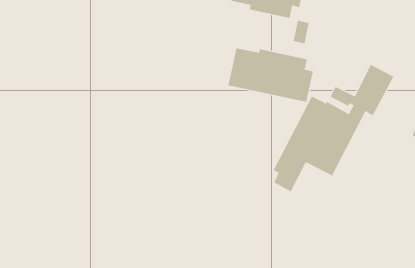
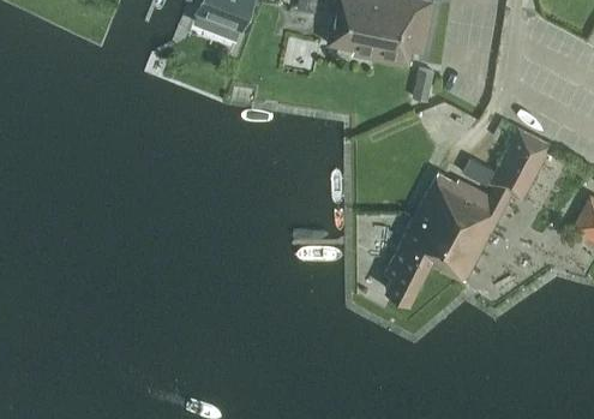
building: [228,47,313,102] -> none

